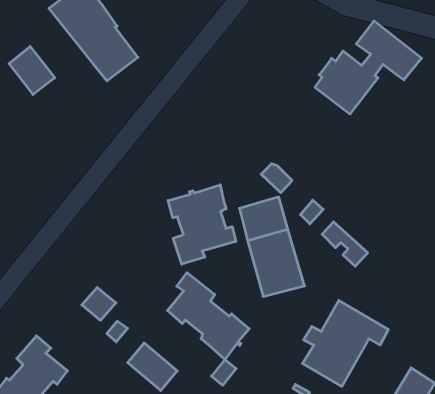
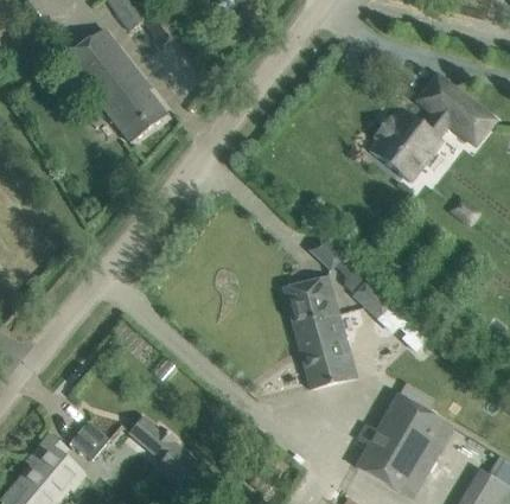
building: [9,46,55,95] -> none
building: [168,185,236,264] -> none
building: [167,273,249,360] -> none
building: [82,287,116,320] -> [71,421,110,459]

